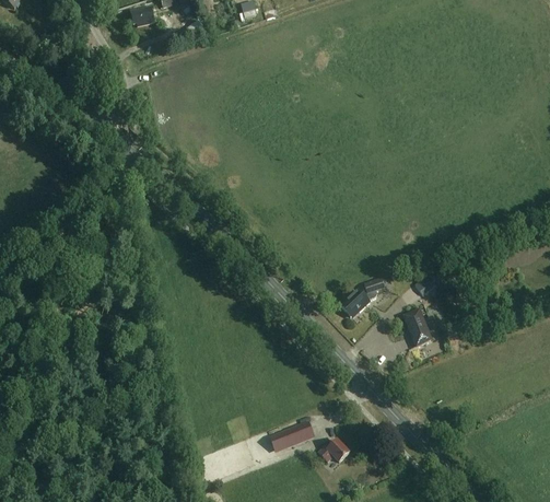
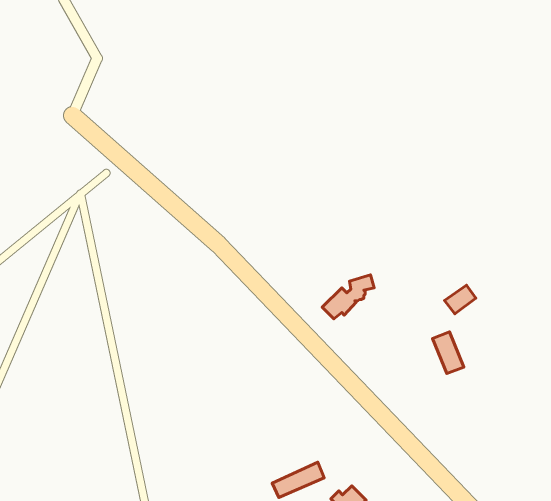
building: [342,278,386,315] -> [322,275,374,319]

